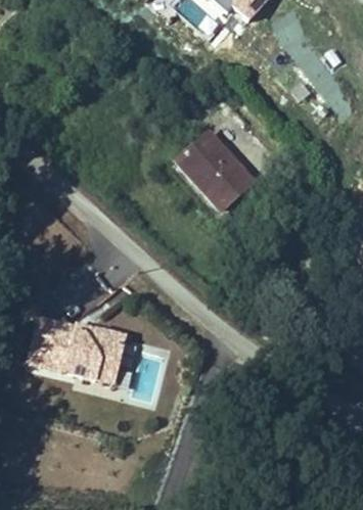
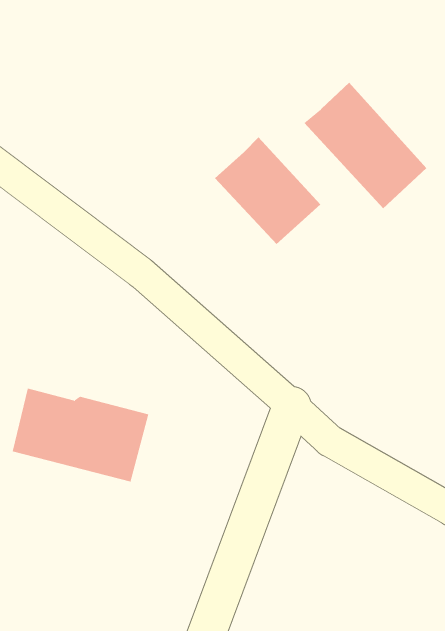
building: none -> [304,82,427,209]

